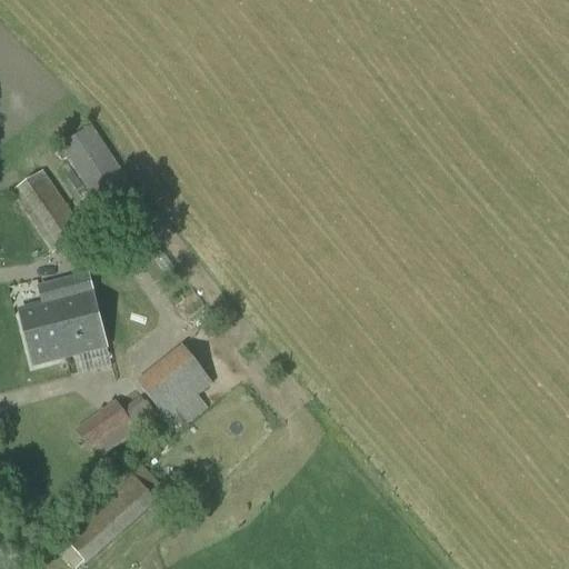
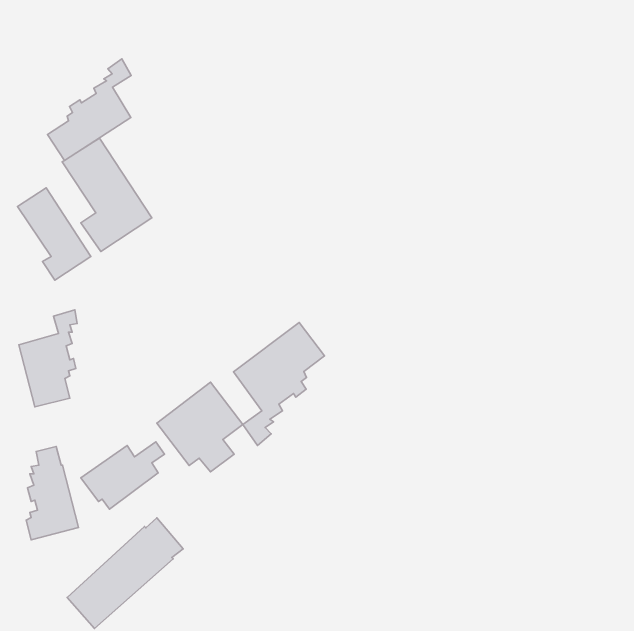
building: none -> [47,59,131,160]
building: [58,272,104,356] -> [26,447,79,540]
building: none -> [234,322,325,446]

